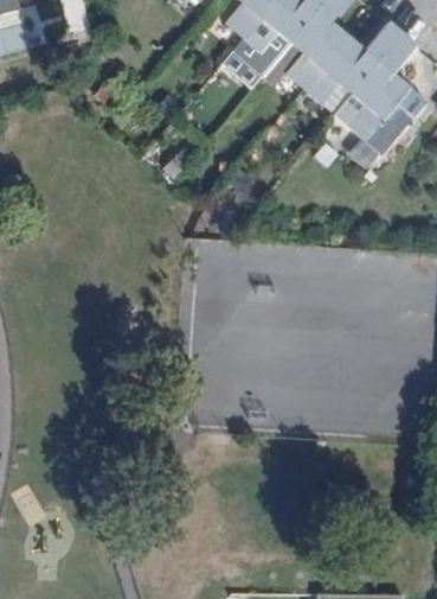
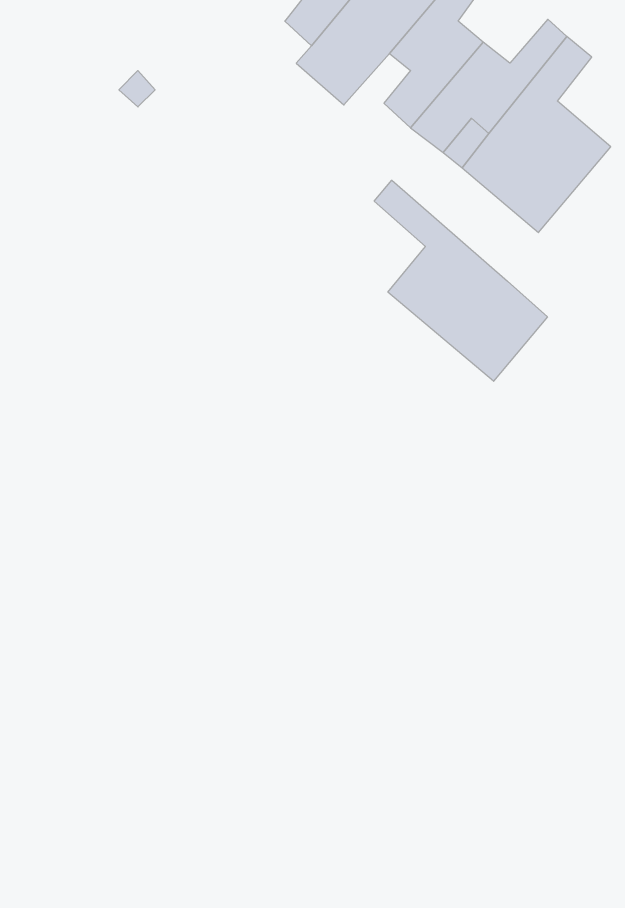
building: none -> [374,180,547,381]

